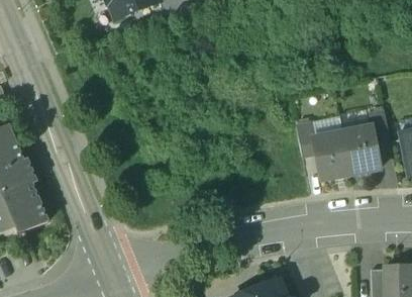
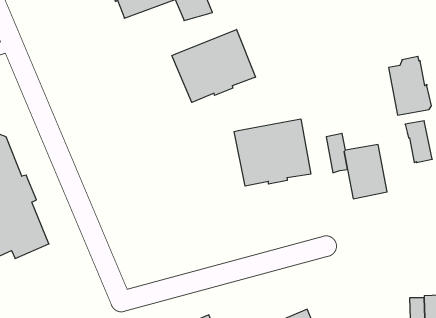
building: none -> [172,29,255,102]
building: none -> [234,119,311,186]
building: [341,121,380,174] -> [389,56,431,115]

